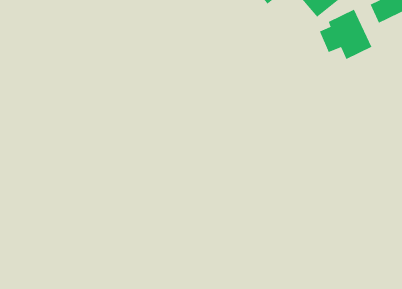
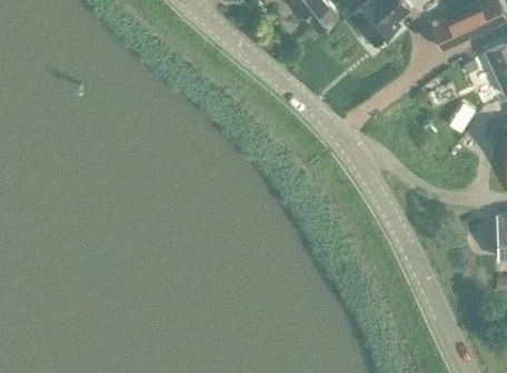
building: [319,9,372,60] -> none

